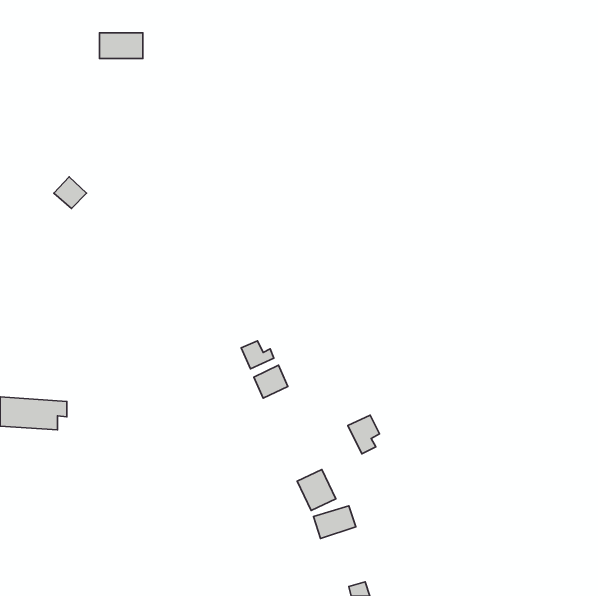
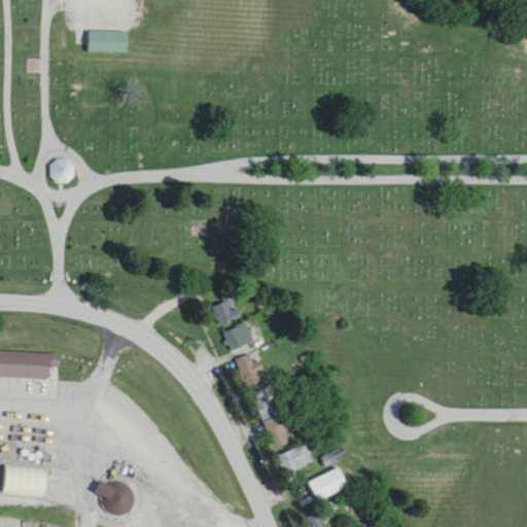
building: none -> [236,353,266,386]
building: [348,415,379,454] -> [251,384,279,418]
building: none -> [309,466,349,501]
building: none -> [96,479,135,517]

